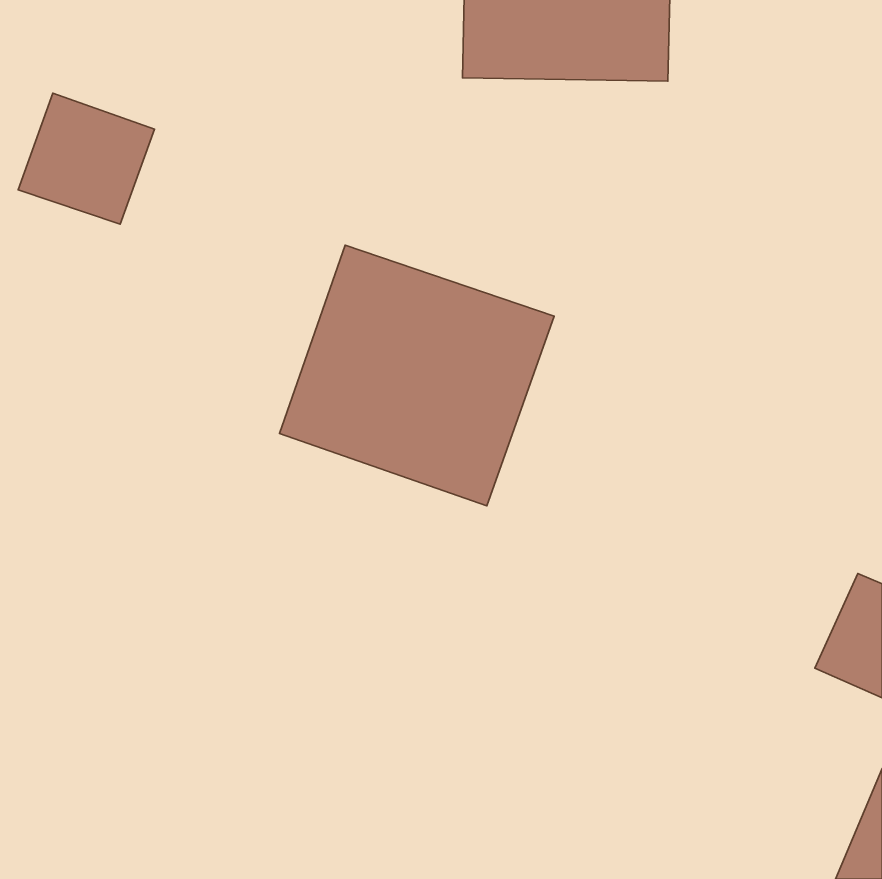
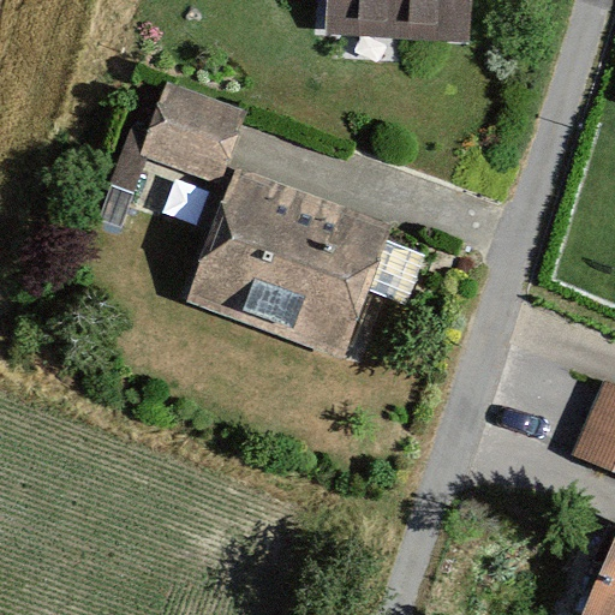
building: [18,93,155,224] -> [147,83,241,174]

